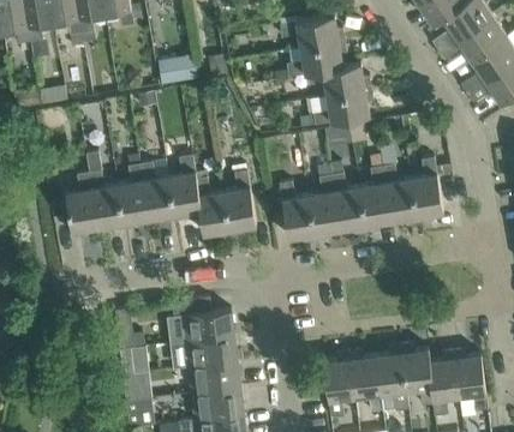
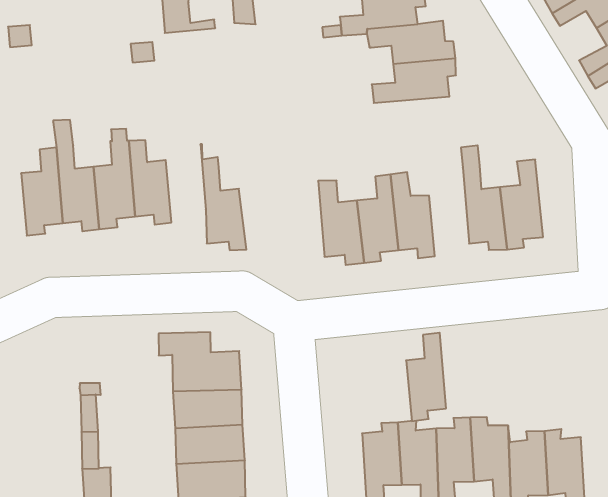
building: [323,120,369,150] -> none
building: [168,142,199,221] -> none
building: [359,167,390,232] -> [406,333,446,421]
building: [223,169,256,236] -> none

